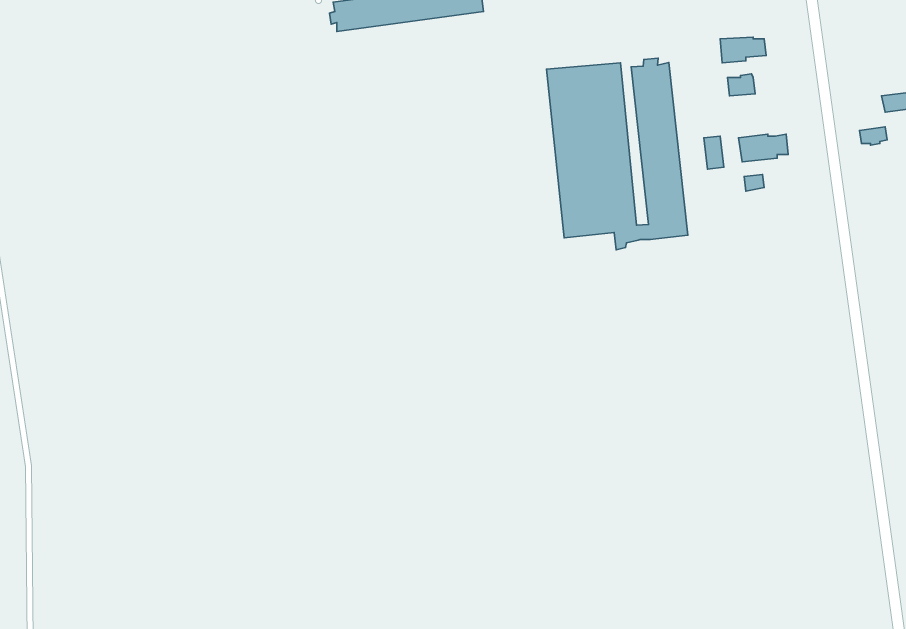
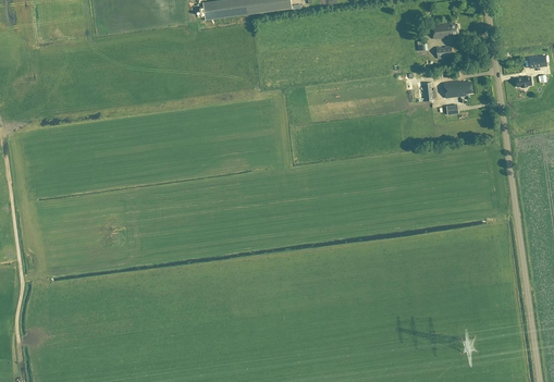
building: [547,58,688,250] -> none

